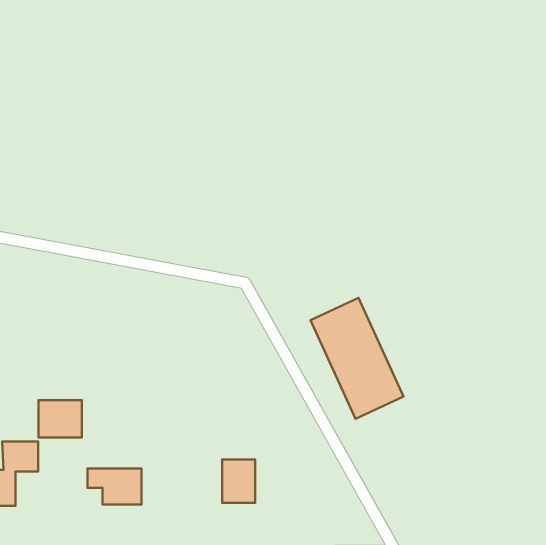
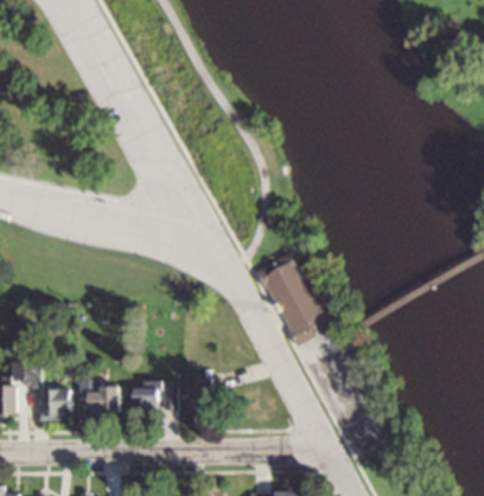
building: [39,400,82,438] -> [38,392,72,421]
building: none -> [132,382,174,412]

